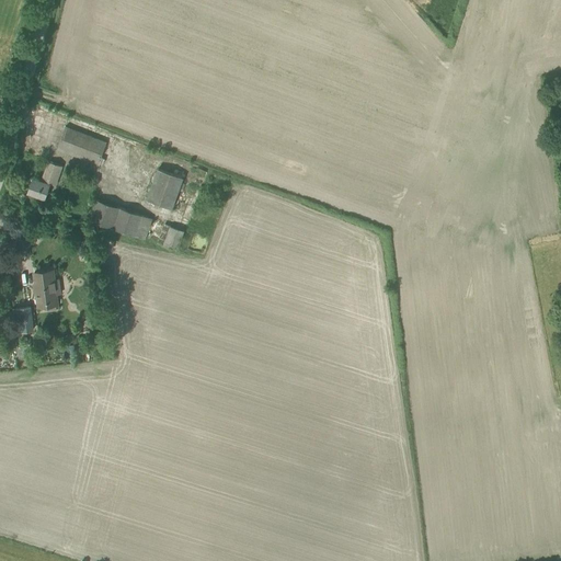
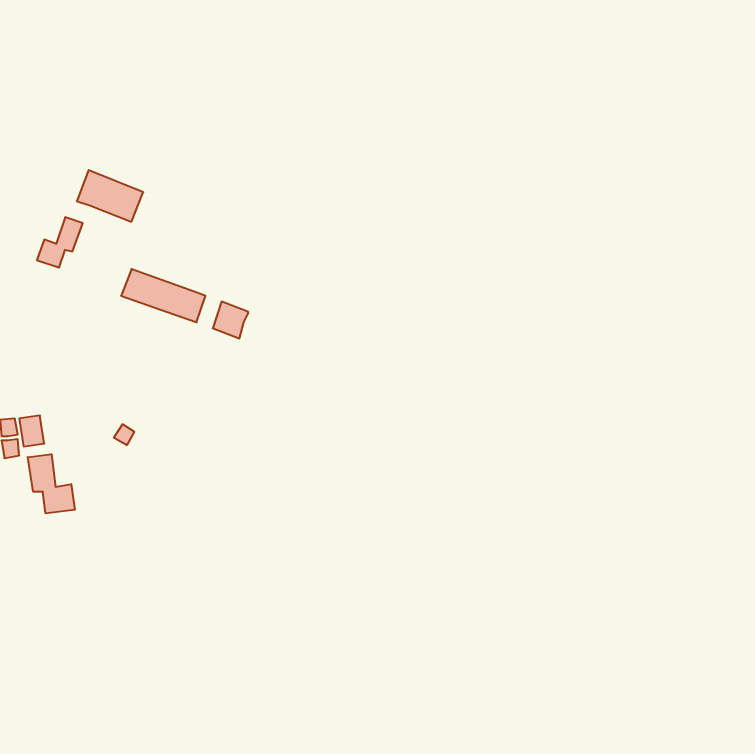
building: [147,169,183,209] -> none
building: [34,272,59,309] -> none
building: none -> [28,454,75,513]

